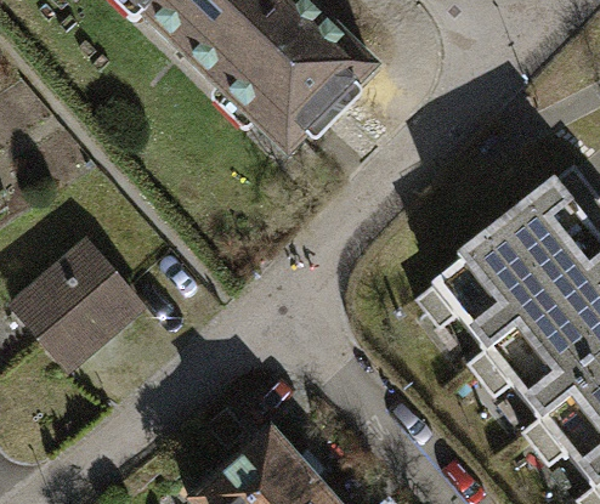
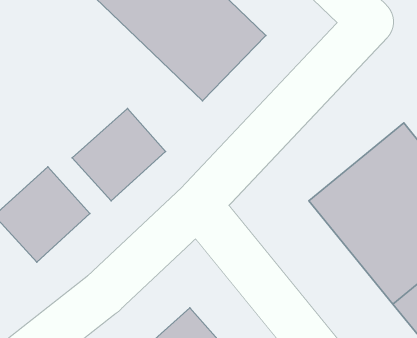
building: none -> [72,108,166,201]

